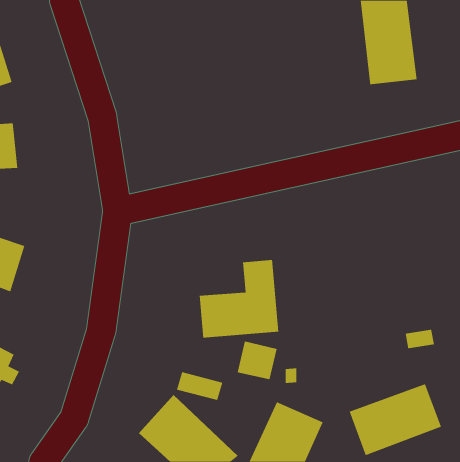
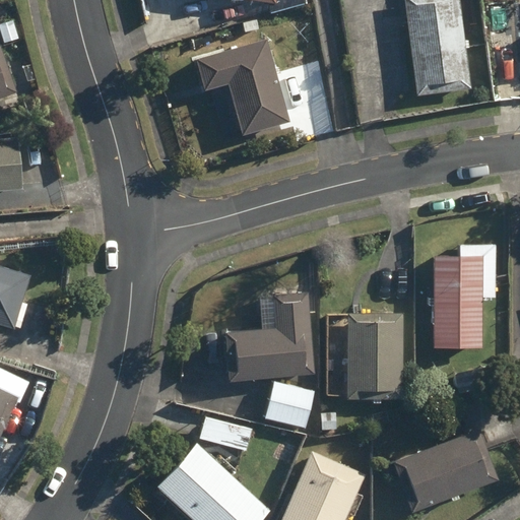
building: none -> [195,39,288,134]
building: none -> [433,244,494,347]
building: none -> [347,313,401,399]

